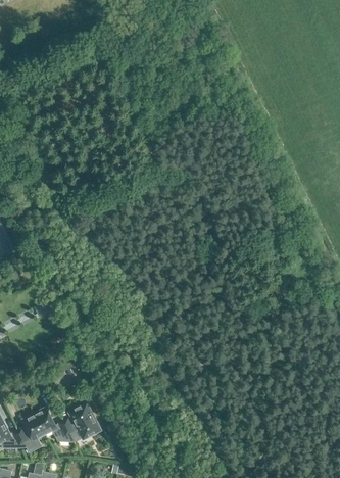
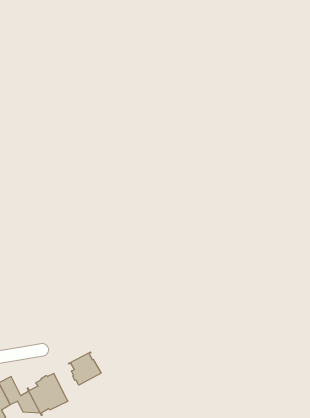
building: none -> [68,352,101,385]

